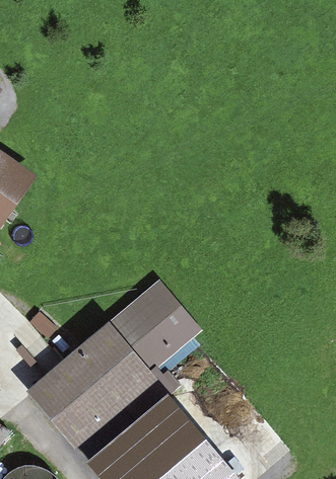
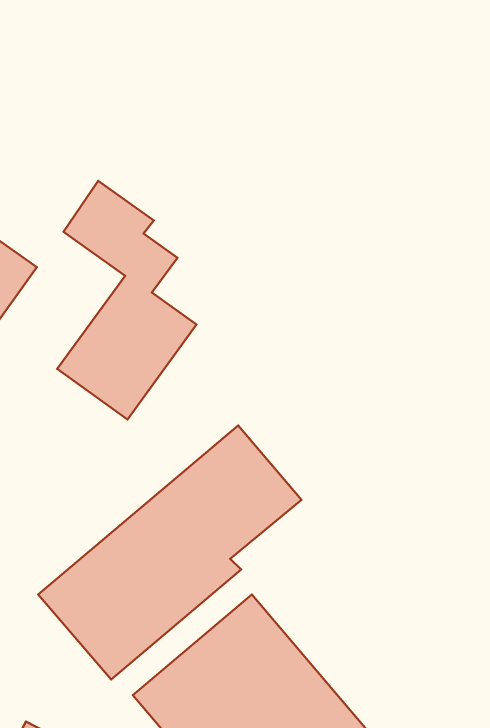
building: none -> [57,181,196,420]

